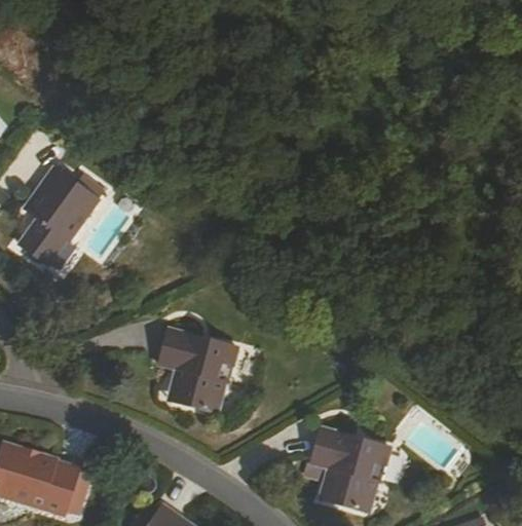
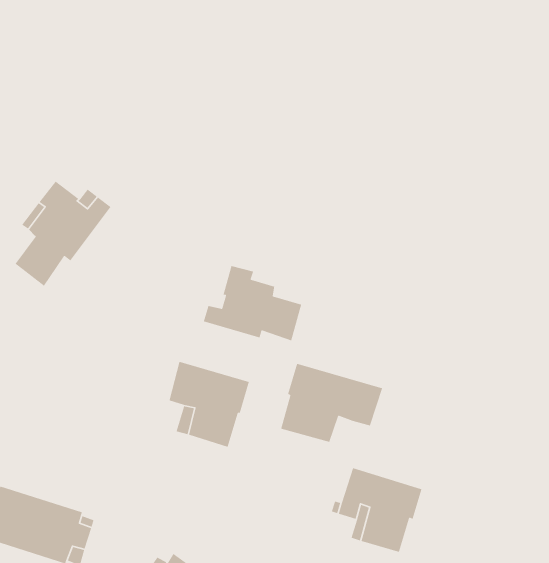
building: none -> [203,265,302,341]
building: none -> [280,363,383,443]

